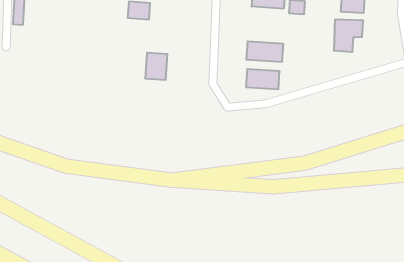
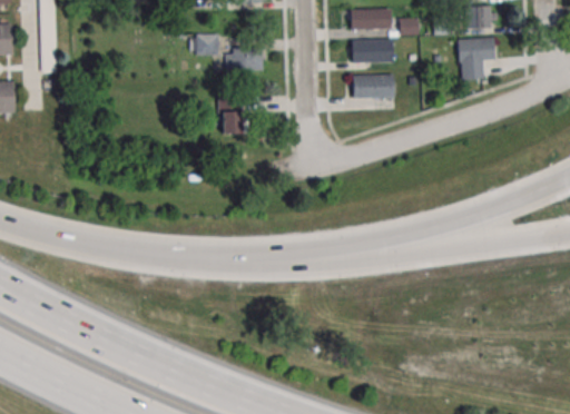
building: none -> [225,48,263,71]
building: [246,69,280,89] -> [351,39,393,62]

